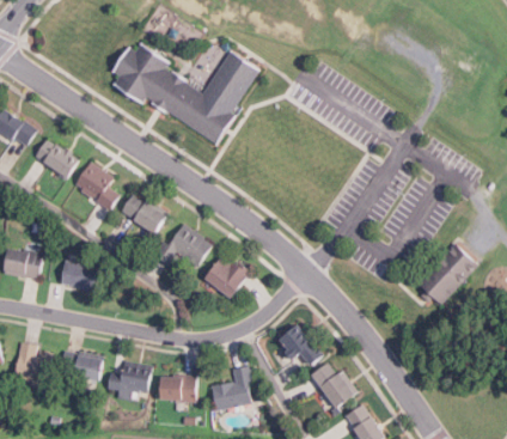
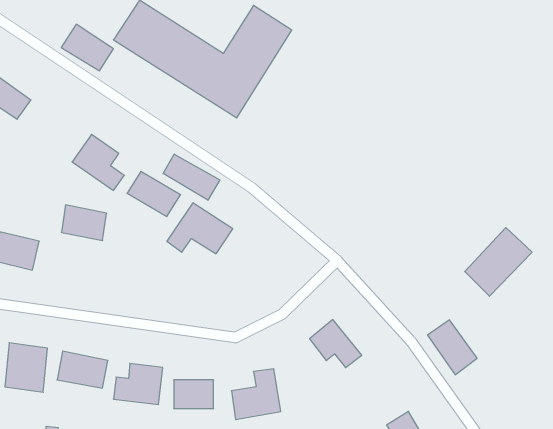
building: [32,138,78,178] -> [61,24,113,71]
building: none -> [163,154,220,200]
building: [204,254,249,297] -> none
building: [60,260,99,291] -> [61,205,107,241]
building: [312,360,355,408] -> [428,320,477,375]

